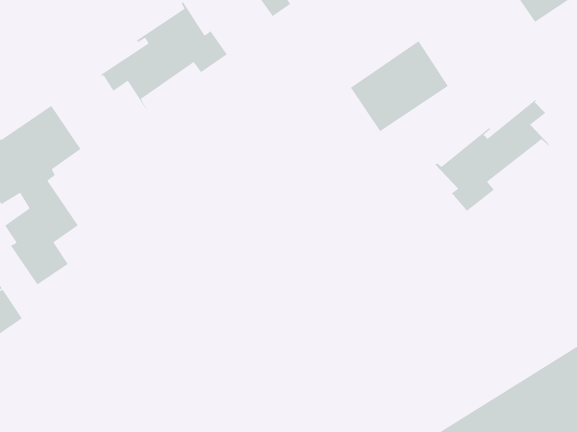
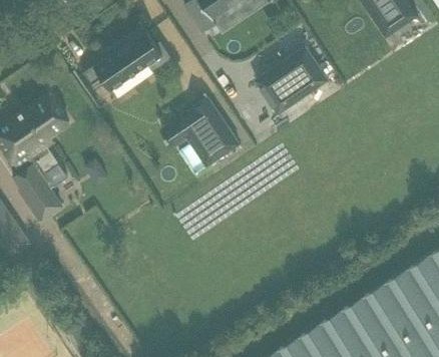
building: [435,99,551,212] -> none
building: none -> [163,95,242,169]

